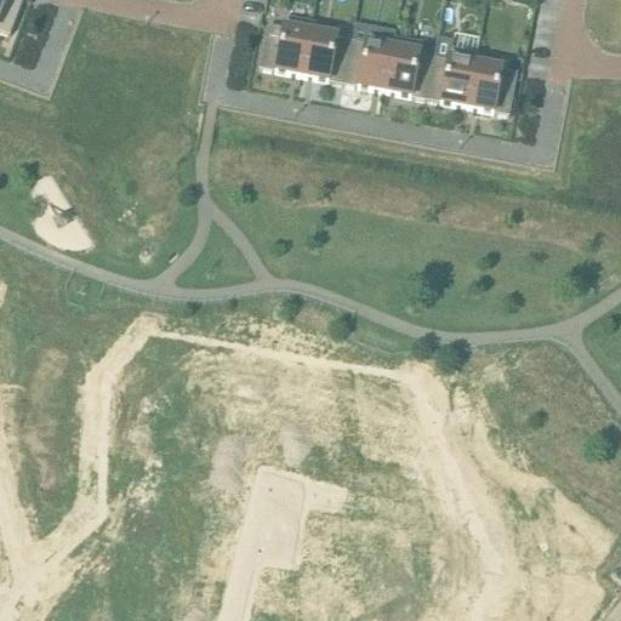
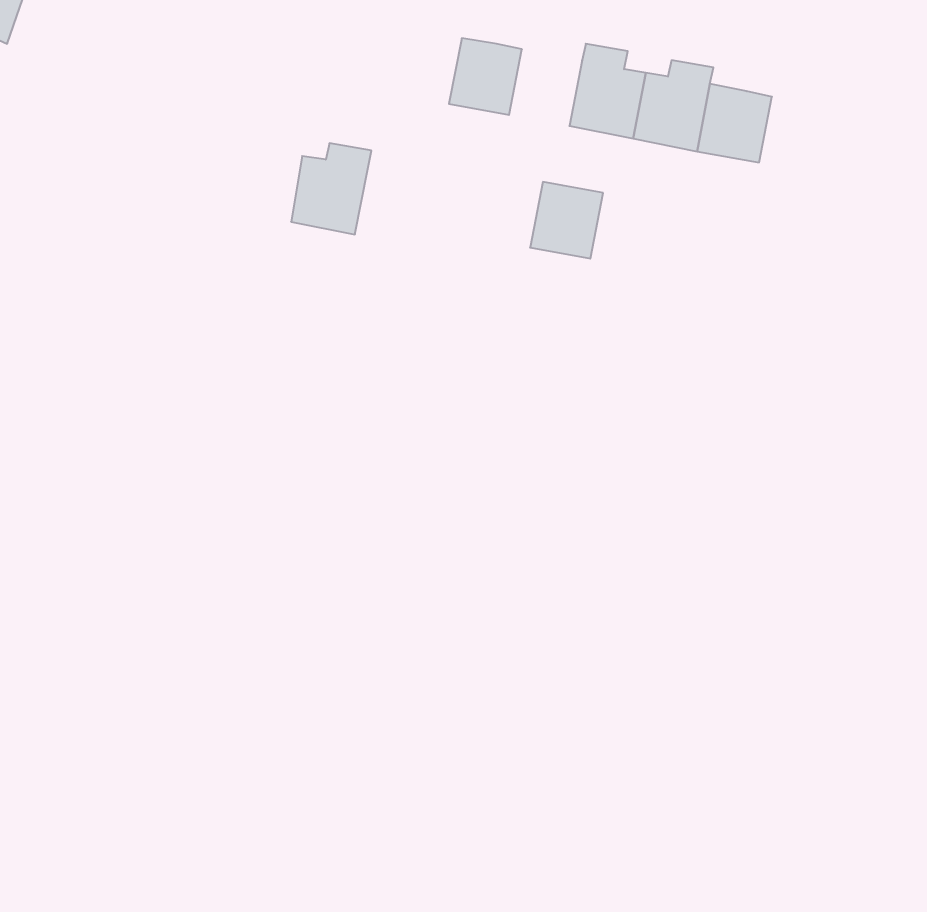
building: [256,8,309,69] -> [291,143,371,234]
building: [338,33,387,84] -> [530,182,603,259]

